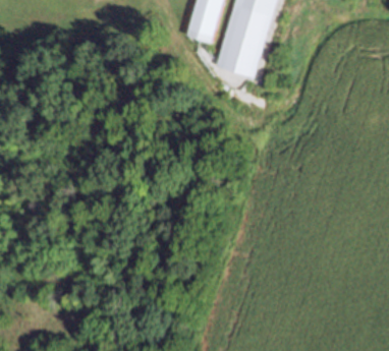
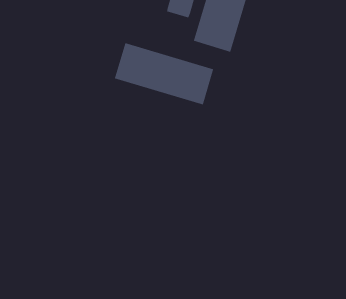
building: none -> [114,42,214,106]

